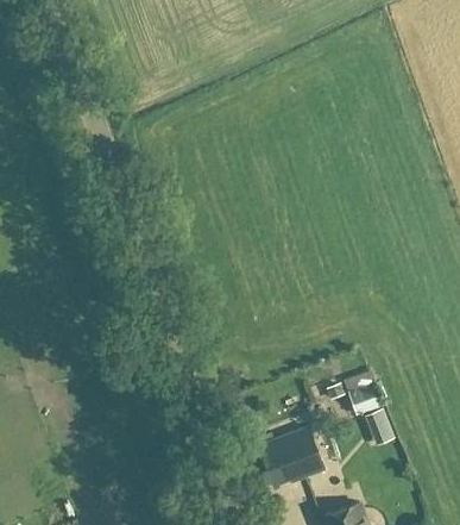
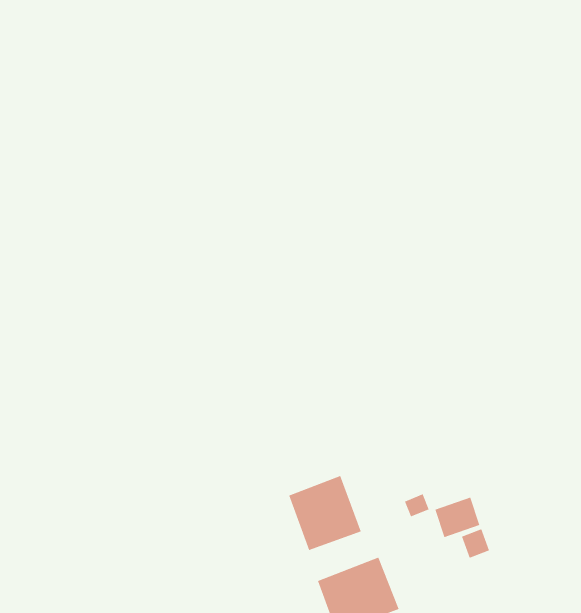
building: none -> [288,475,362,551]

